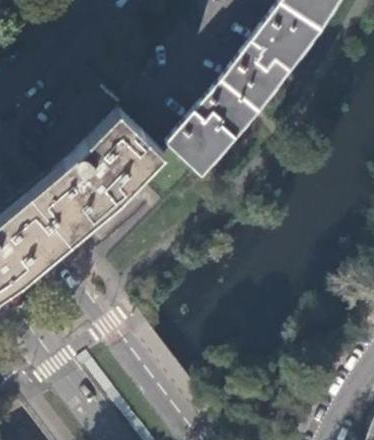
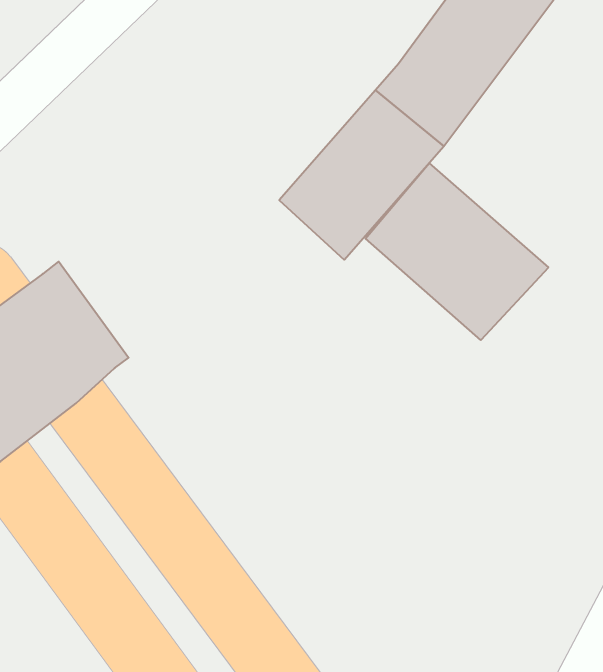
building: [40,107,164,233] -> none
building: none -> [366,163,548,340]

